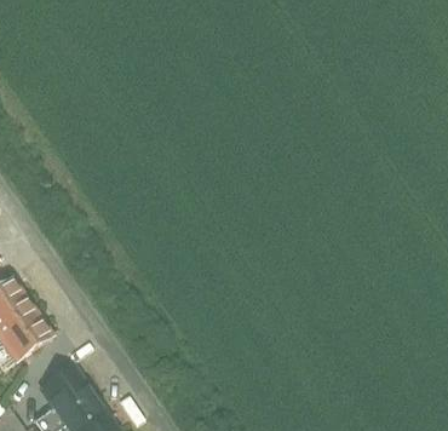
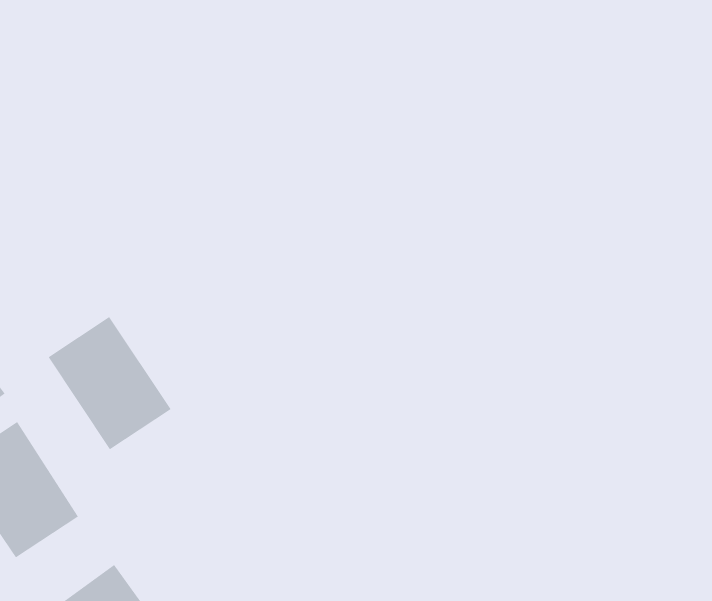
building: none -> [48,316,171,450]

